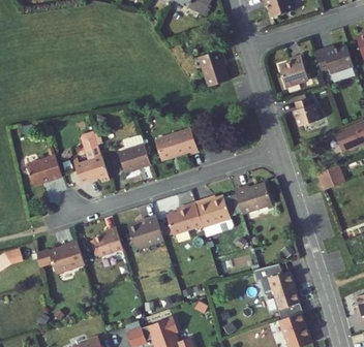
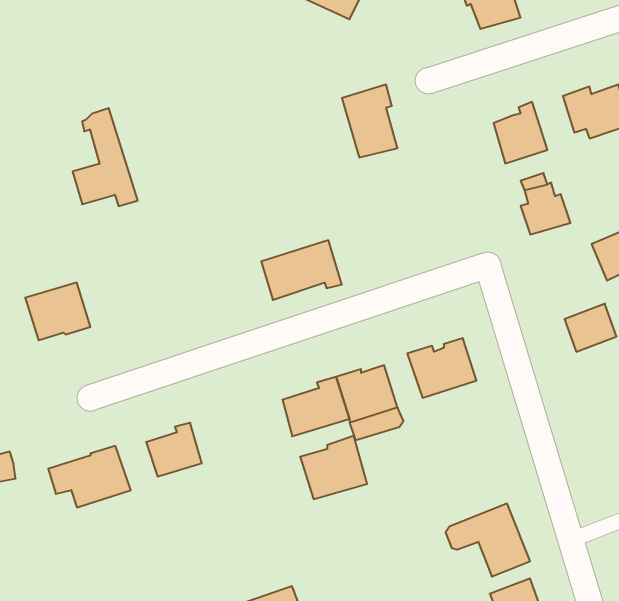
building: [74,131,110,184] -> [73,108,138,206]
building: [118,136,151,174] -> none
building: [126,216,162,250] -> [300,436,367,499]

